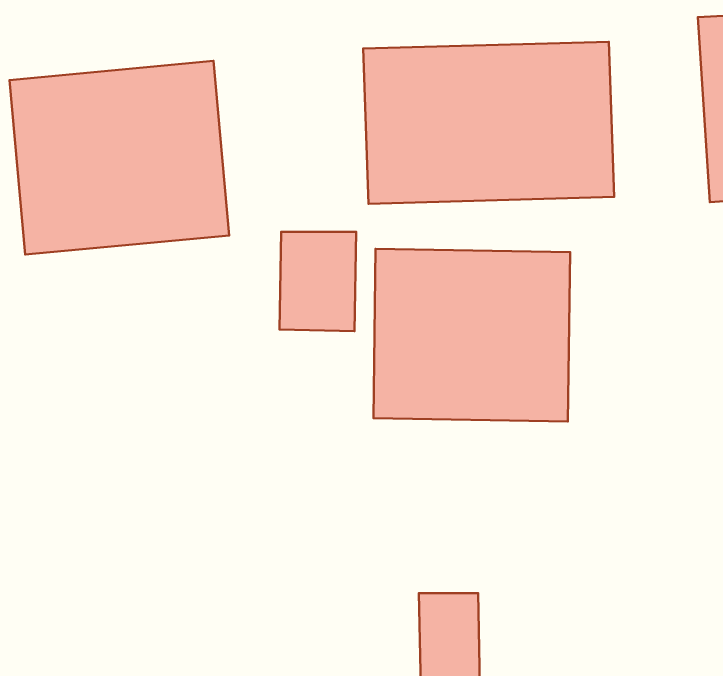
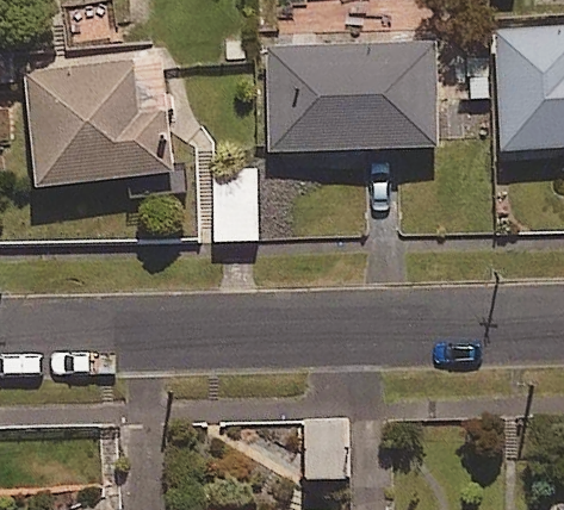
building: [373,249,570,422] -> none

